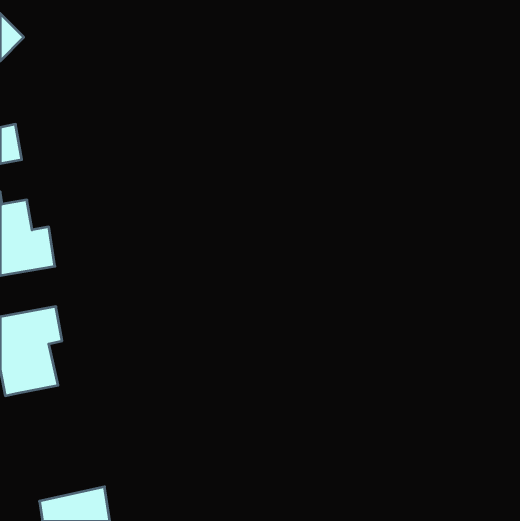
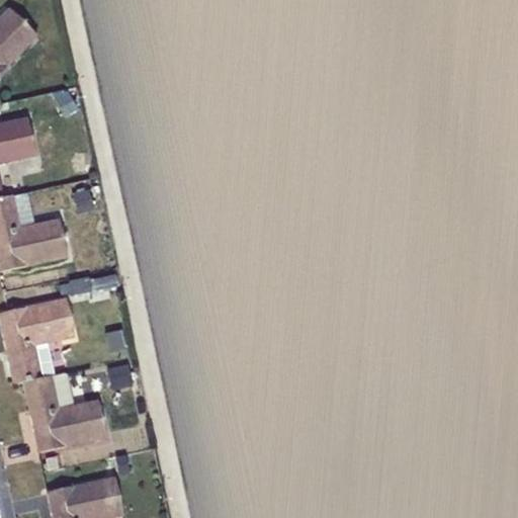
building: none -> [24,373,102,452]

